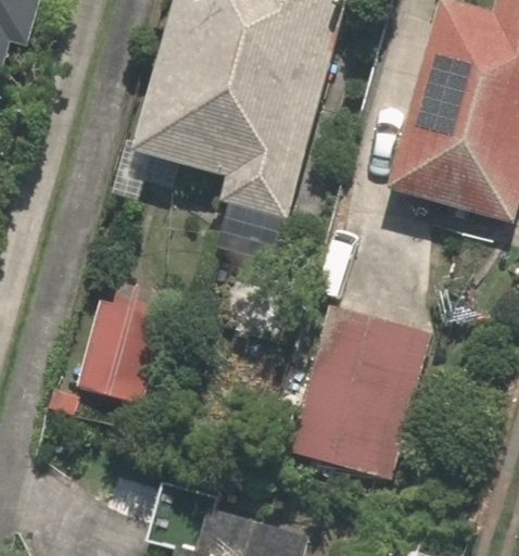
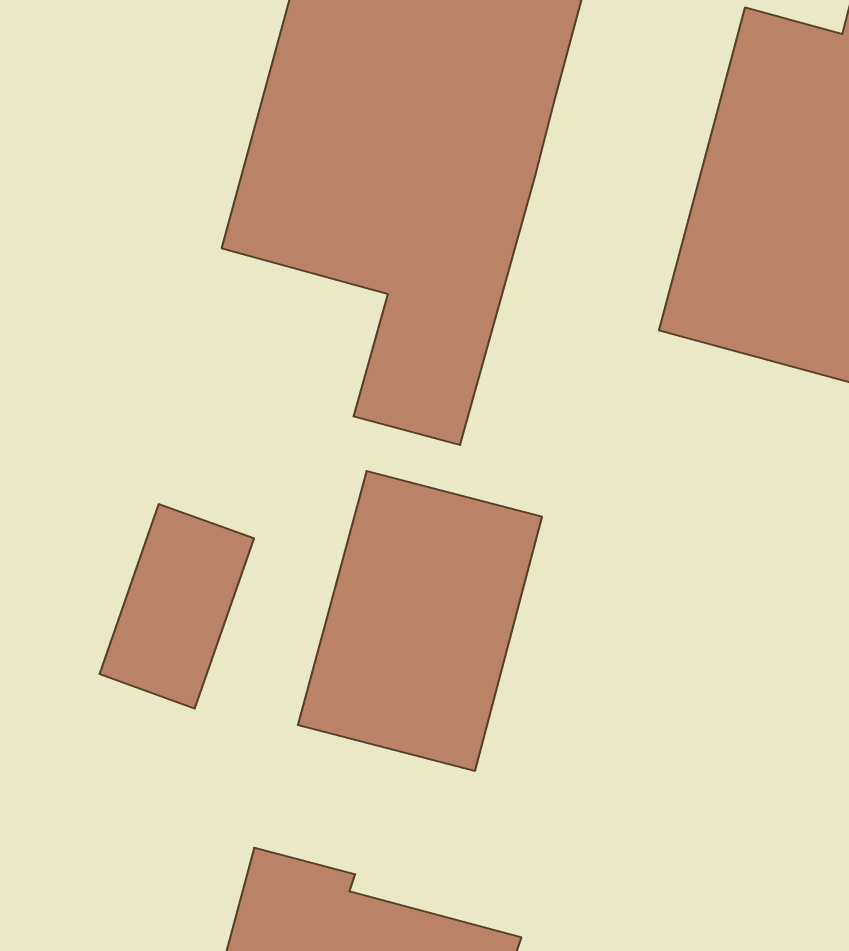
building: [291,306,430,477] -> [298,471,542,771]

